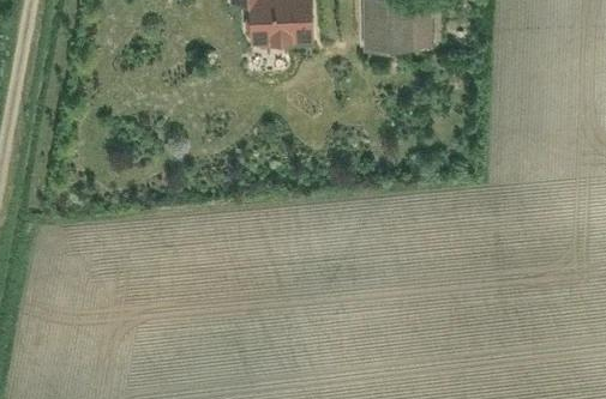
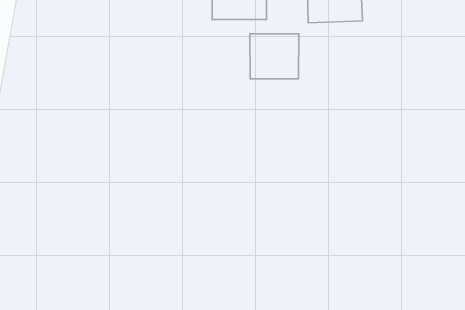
building: none -> [250,34,299,79]

